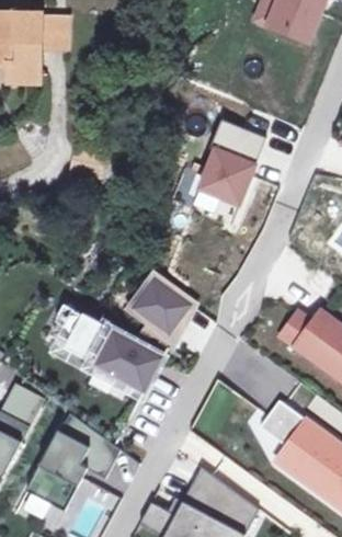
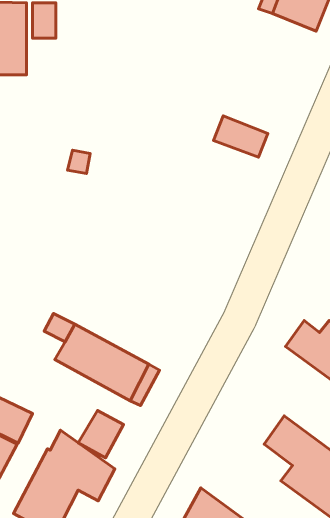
building: [195,144,254,206] -> none
building: [134,277,191,336] -> none
building: none -> [78,410,123,458]

